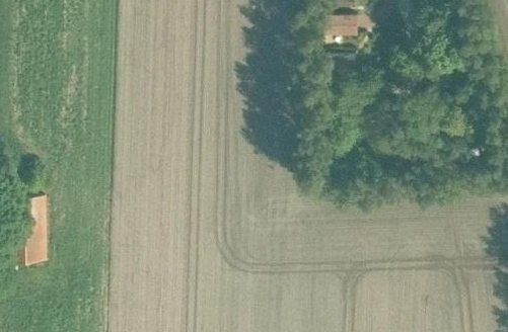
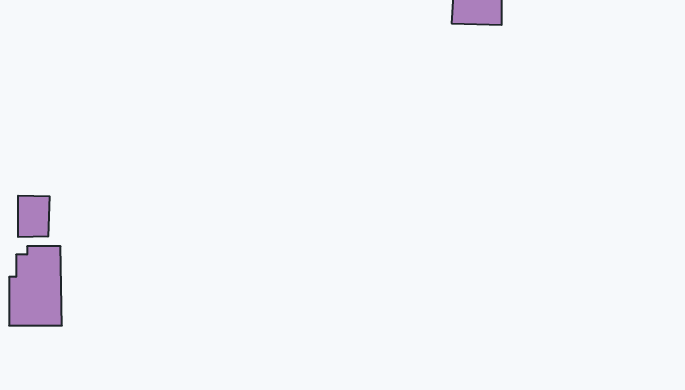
building: none -> [18,196,50,237]

